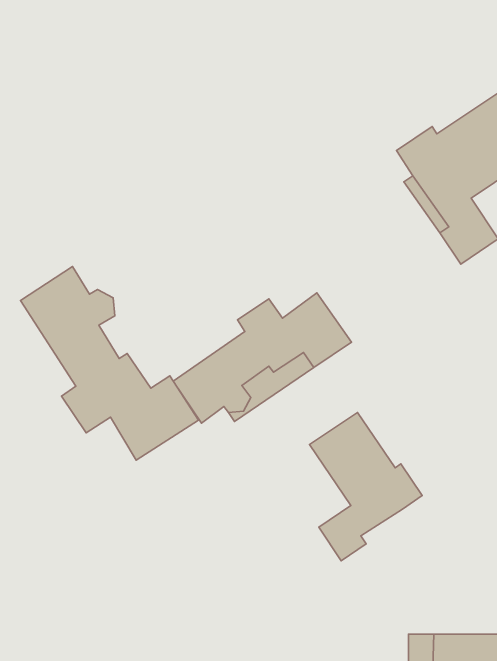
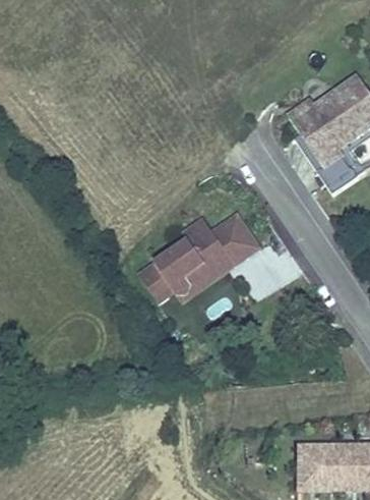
building: [21,266,199,460] -> none
building: [310,412,422,561] -> none

